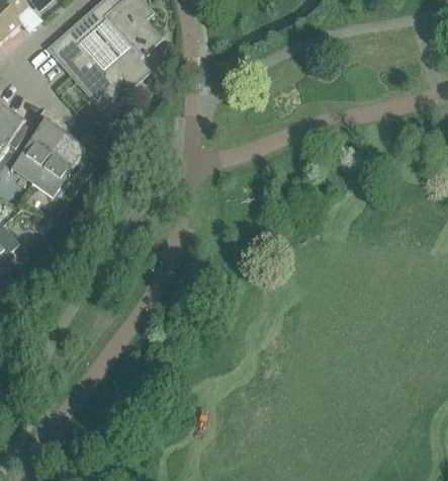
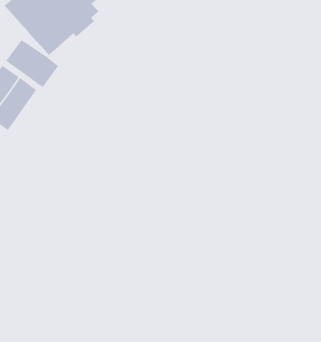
building: none -> [6,39,59,89]

